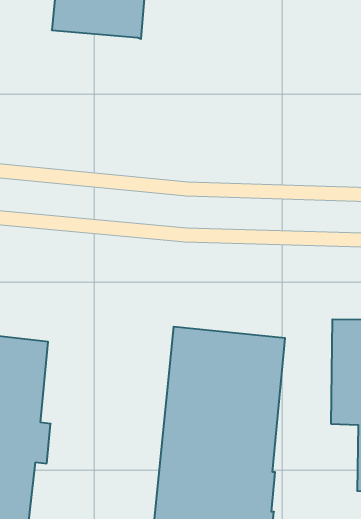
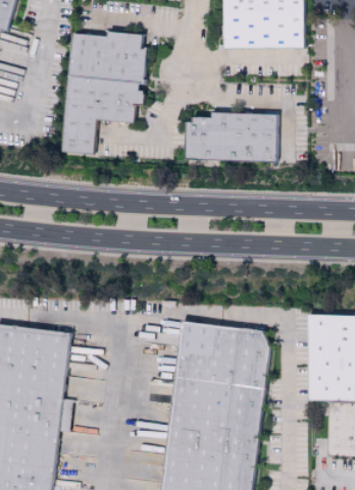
building: none -> [67,76,148,154]
building: none -> [187,112,282,163]

